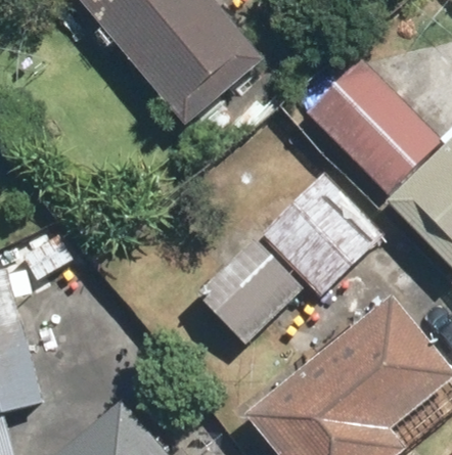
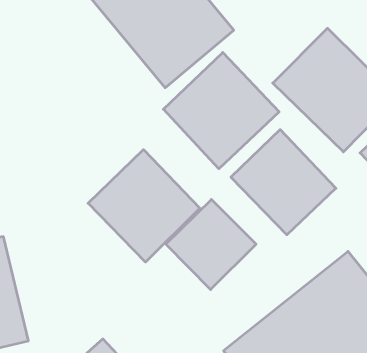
building: none -> [163,52,279,169]
building: none -> [88,150,200,262]

